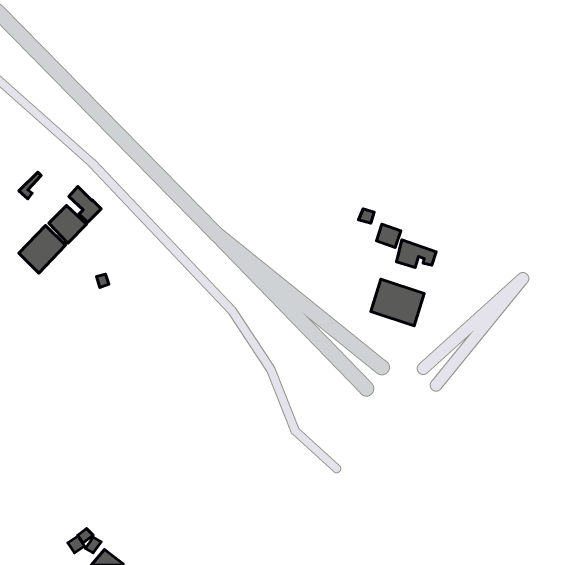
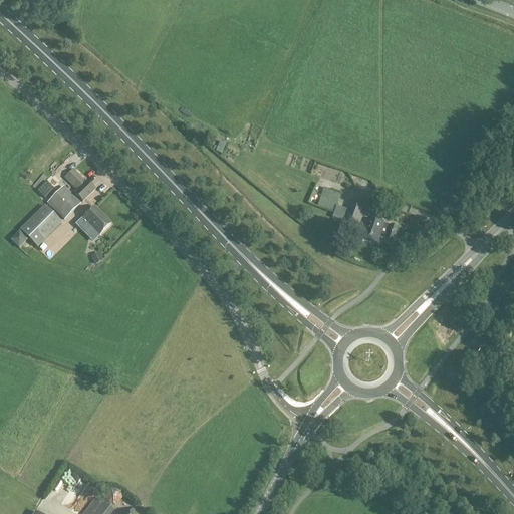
building: none -> [79,206,108,235]
building: [371,279,424,326] -> none

